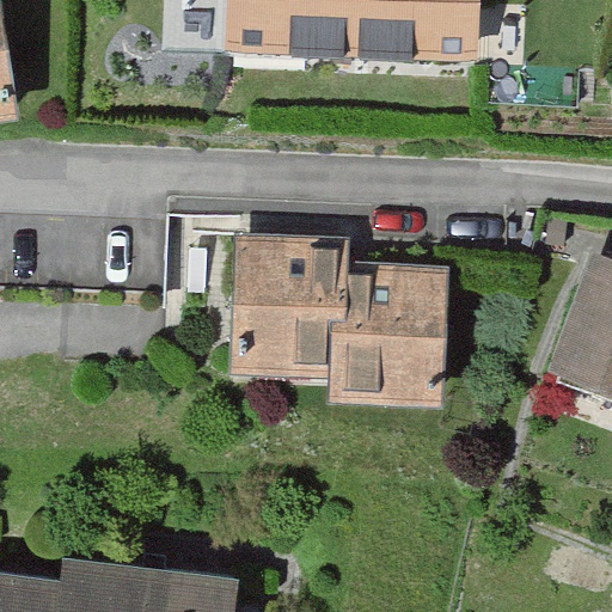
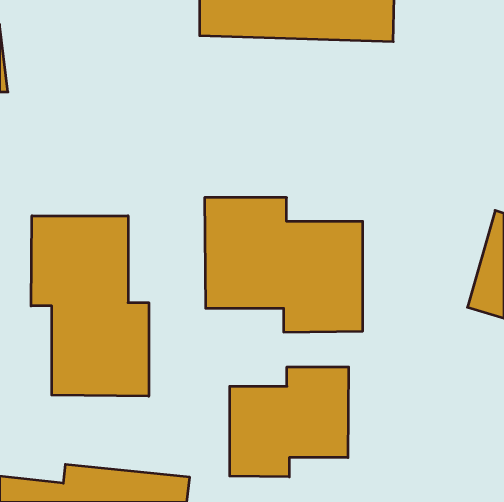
building: none -> [31,216,149,396]
building: none -> [230,367,349,477]

